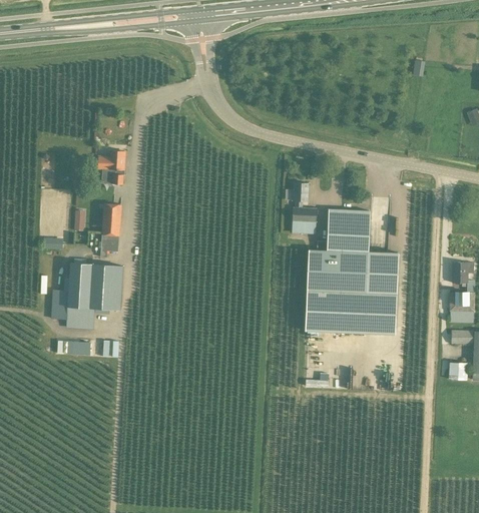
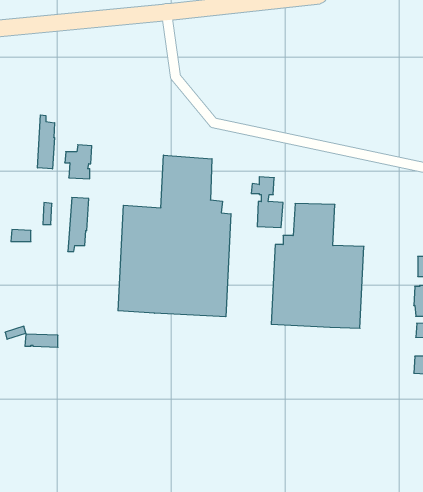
building: none -> [38,115,55,169]
building: none -> [118,155,231,317]
building: [50,263,122,330] -> none

